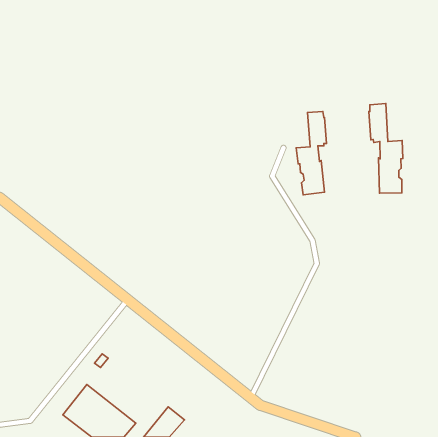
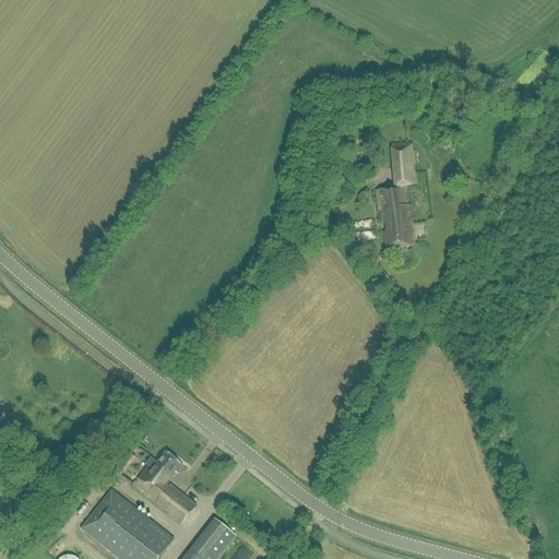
building: [369,104,403,193] -> none
building: none -> [132,450,194,522]

